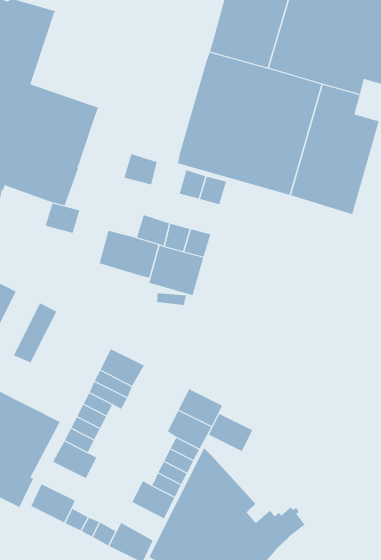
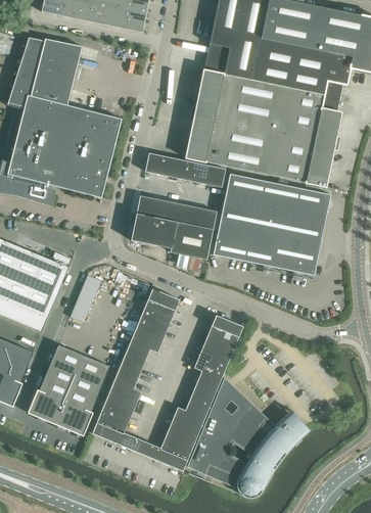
building: none -> [168,156,193,180]
building: none -> [214,173,331,274]
building: [45,203,80,233] -> [136,194,163,217]
building: none -> [145,287,180,316]
building: [208,413,253,452] -> [208,314,243,342]
building: none -> [99,397,134,425]
building: none -> [164,423,197,452]

